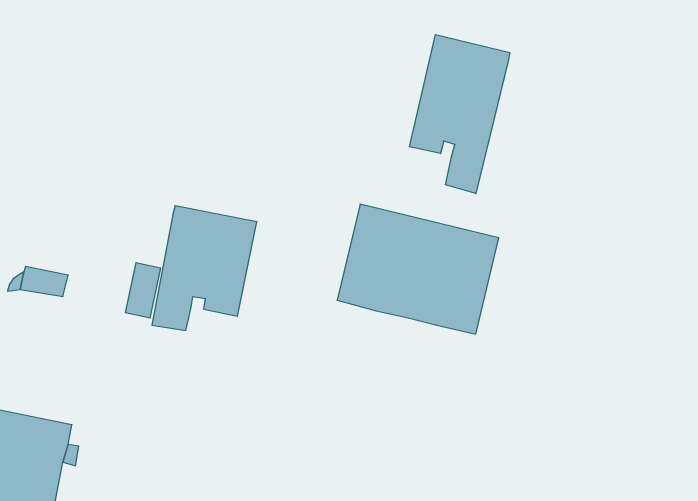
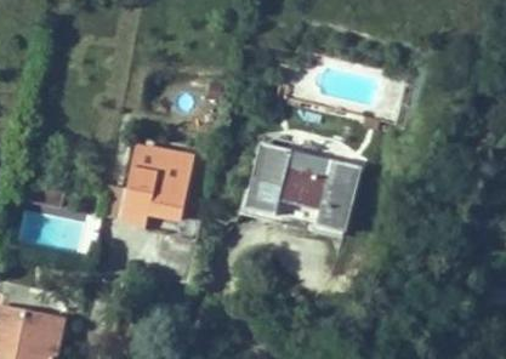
building: [410,35,510,194] -> none

